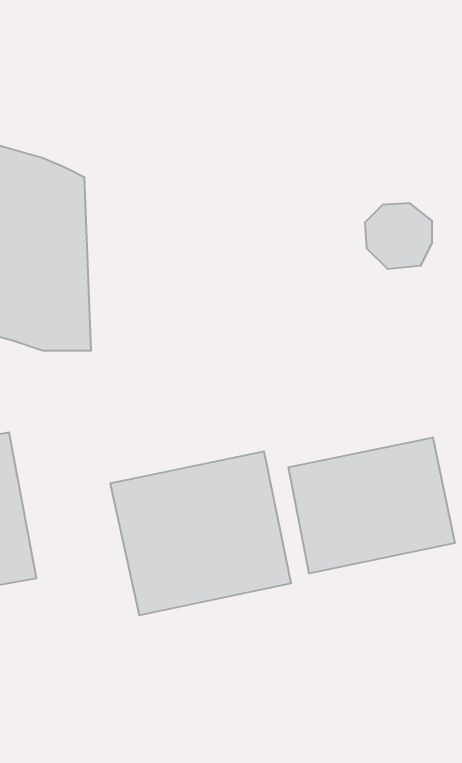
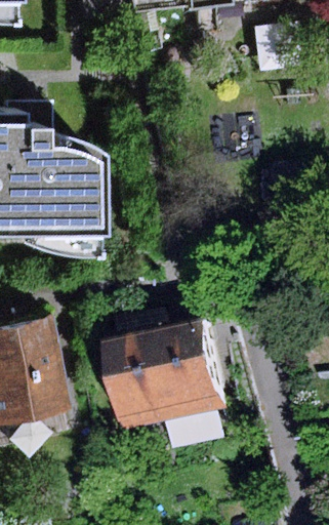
building: [288,437,455,573] -> none

